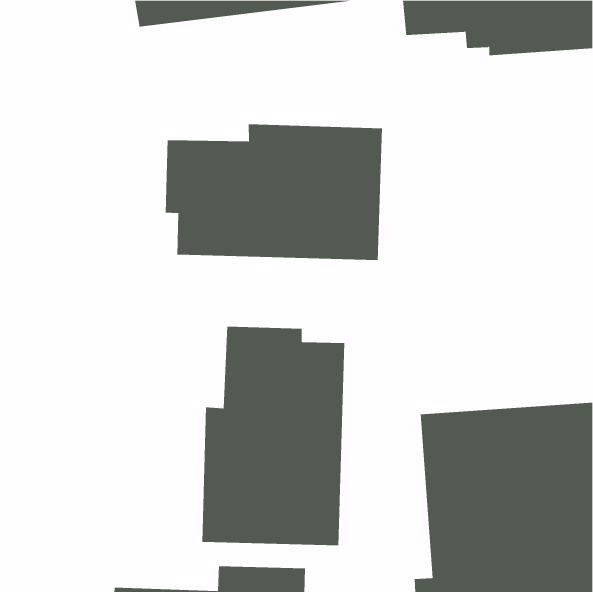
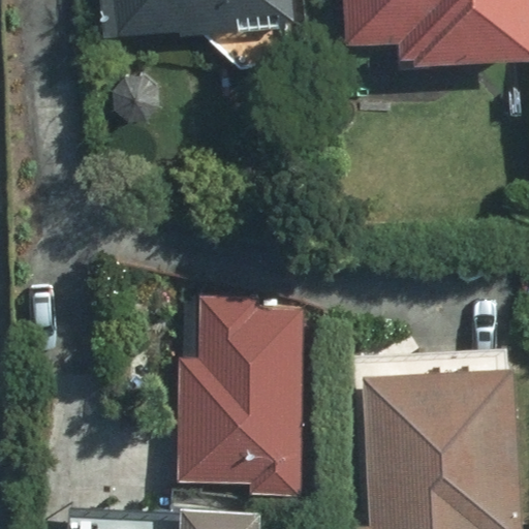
building: [165,124,382,261] -> none

